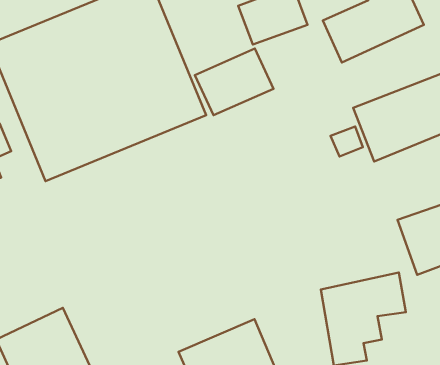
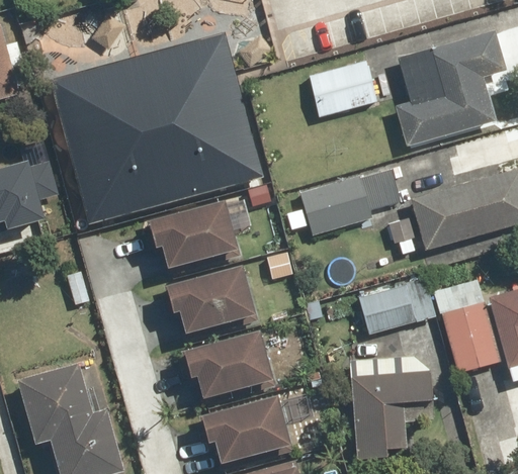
building: [195,49,273,115] -> [297,172,375,233]
building: none -> [144,194,242,268]
building: none -> [356,278,434,335]
building: none -> [163,261,260,340]
building: none -> [177,327,273,403]

